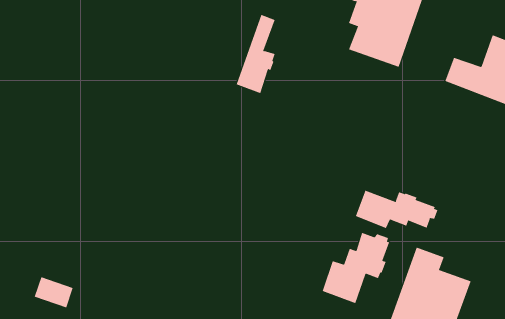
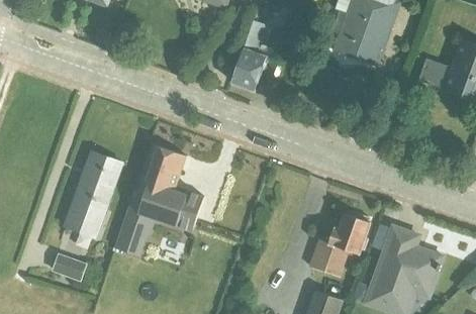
building: none -> [115,145,203,254]
building: none -> [64,151,121,238]
building: [355,190,438,229] -> none

